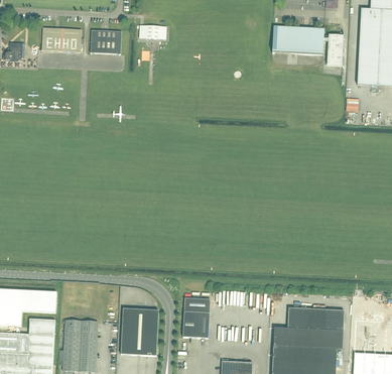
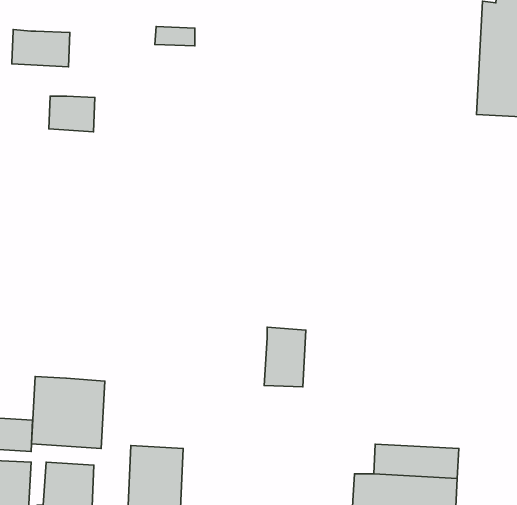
building: [272,25,344,64] -> none
building: [91,29,122,53] -> [49,96,95,132]
building: none -> [31,376,105,449]
building: [182,296,211,337] -> [264,327,306,387]

